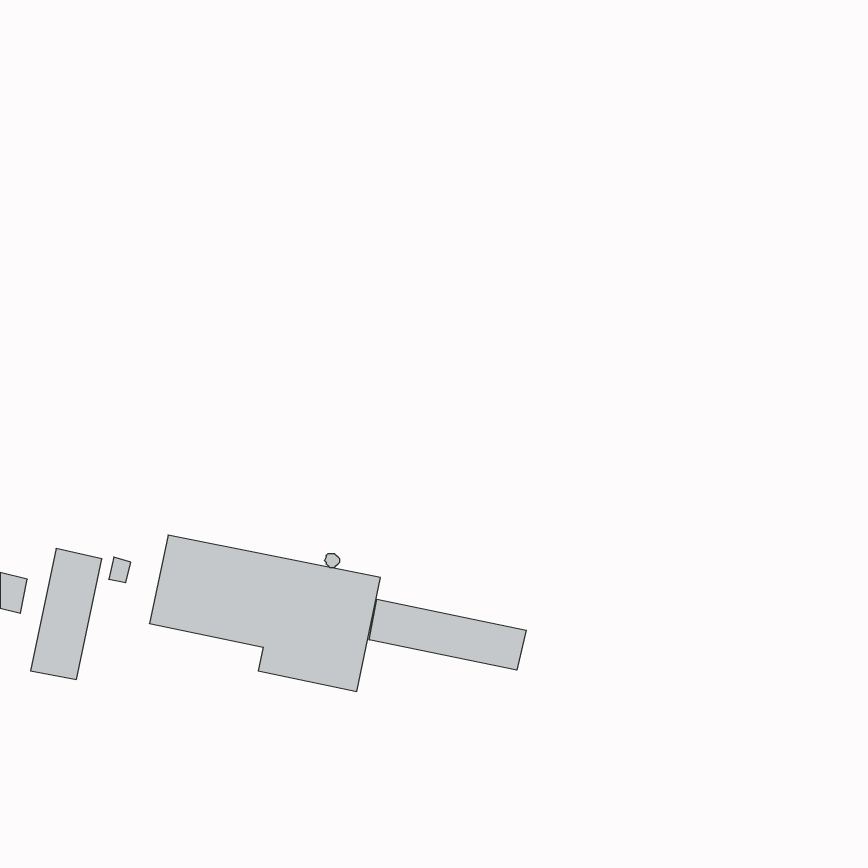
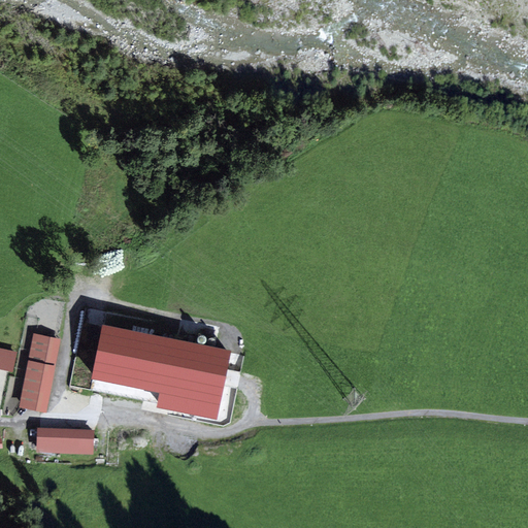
building: [369,599,526,670] -> none
building: none -> [36,427,94,455]

